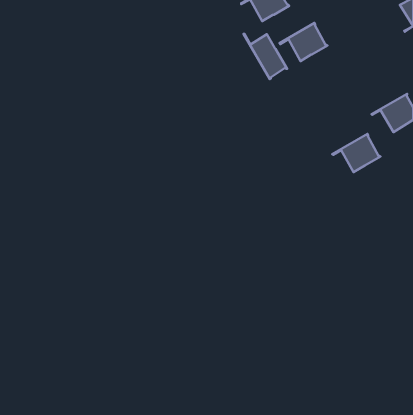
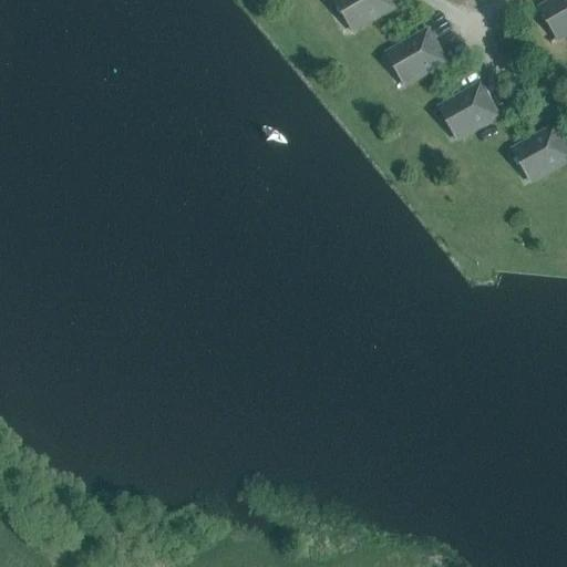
building: [244,34,287,79] -> none
building: [332,134,380,172] -> [432,85,497,137]

